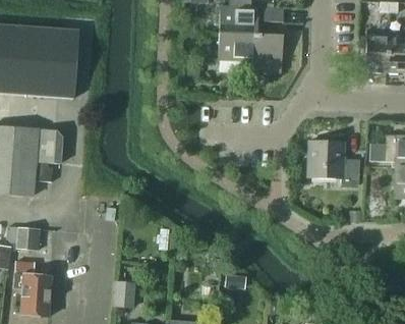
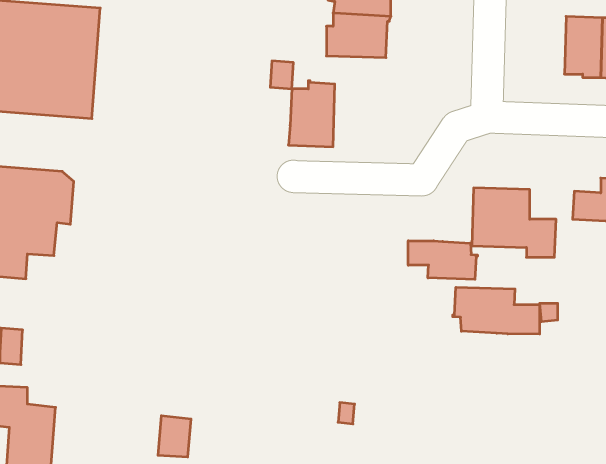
building: [253,33,282,73] -> [288,81,335,147]
building: none -> [408,241,477,279]
building: none -> [453,287,540,334]

